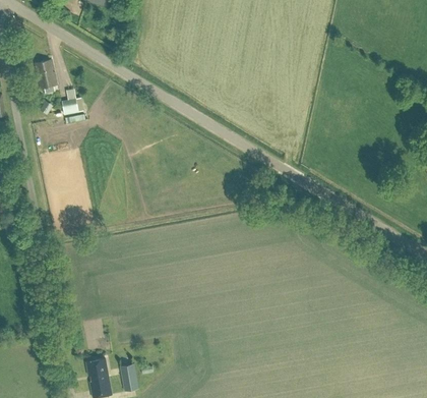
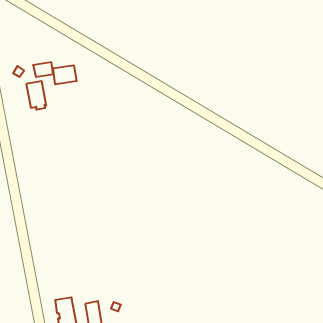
building: [35,60,57,92] -> [26,81,46,110]
building: none -> [53,65,76,84]

